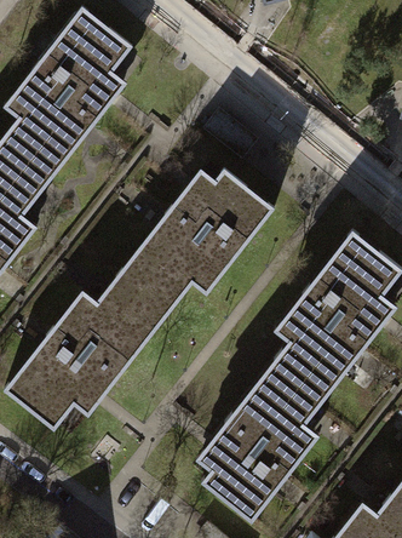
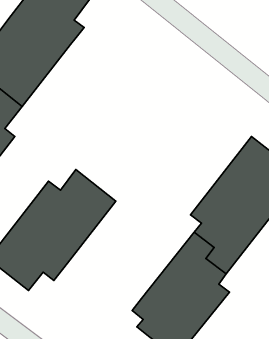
building: [117,164,280,314] -> none

